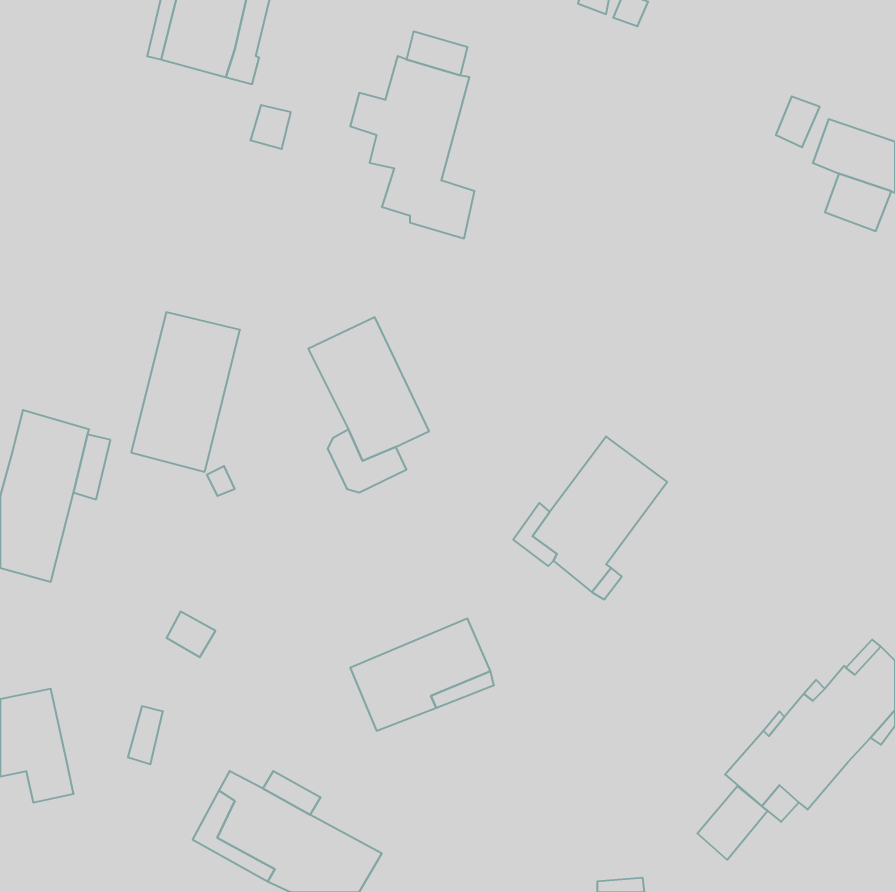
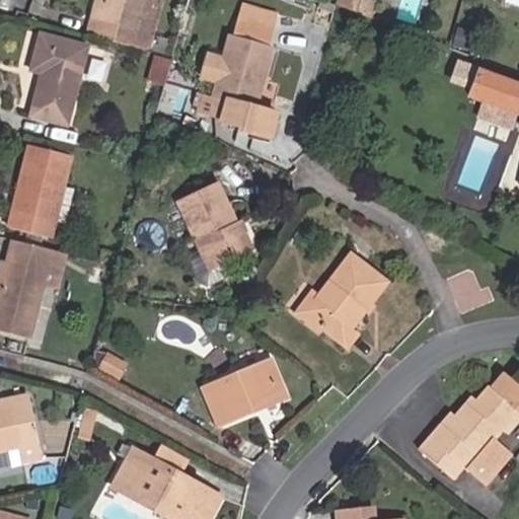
building: none -> [30,32,86,122]
building: [131,312,240,472] -> [8,144,71,236]
building: [697,786,767,860] -> [467,441,508,484]

